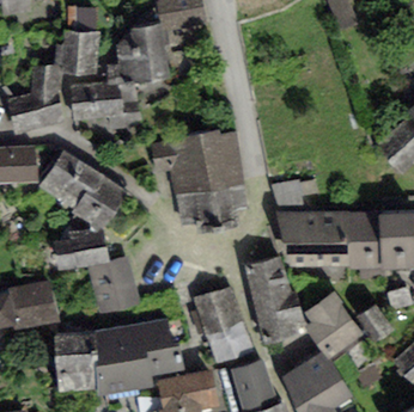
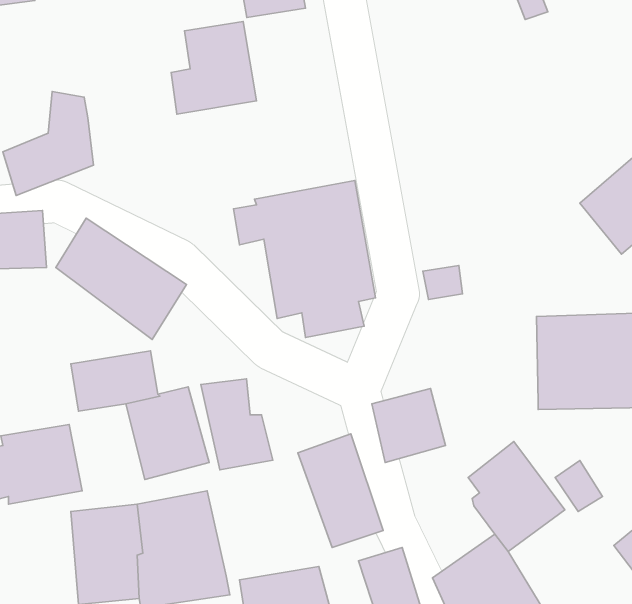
building: [62,36,95,73] -> none
building: [72,82,132,125] -> none
building: [276,211,348,265] -> none
building: [251,291,308,343] -> none
building: [139,318,184,375] -> [201,379,273,470]

